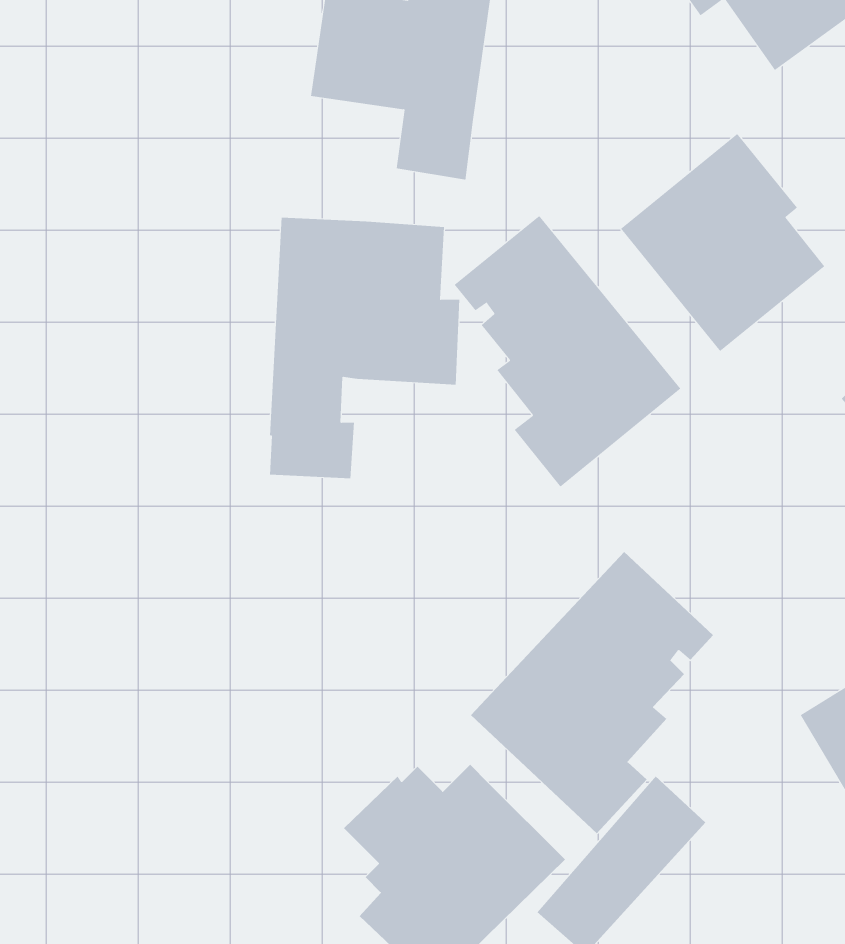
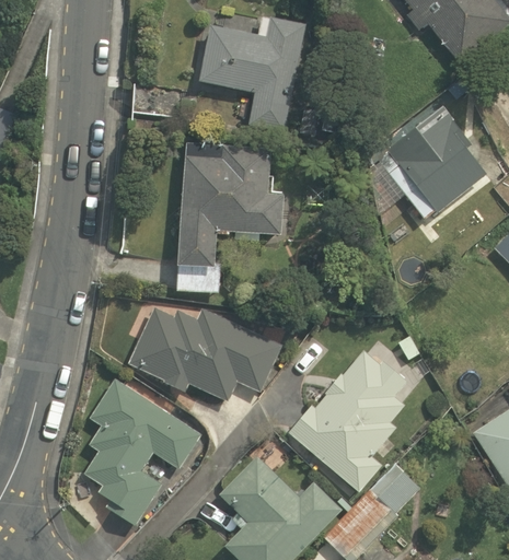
building: [454,215,681,487] -> none
building: none -> [129,299,281,405]
building: none -> [83,381,198,525]

